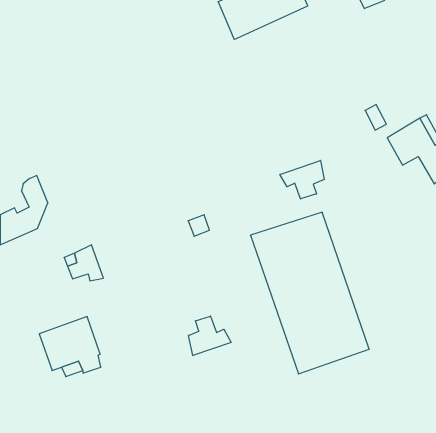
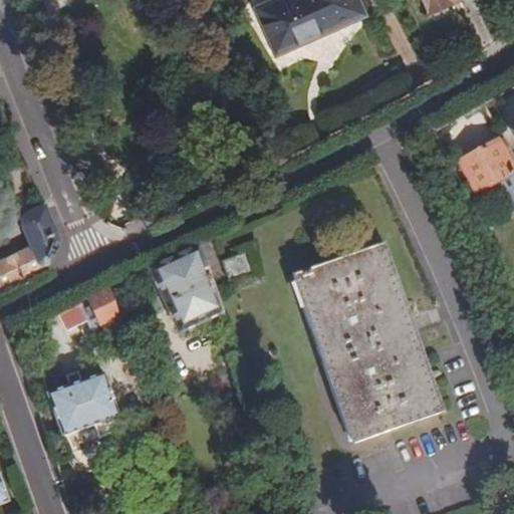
building: [280,160,324,199] -> none
building: none -> [152,243,224,333]
building: [189,316,231,356] -> none

